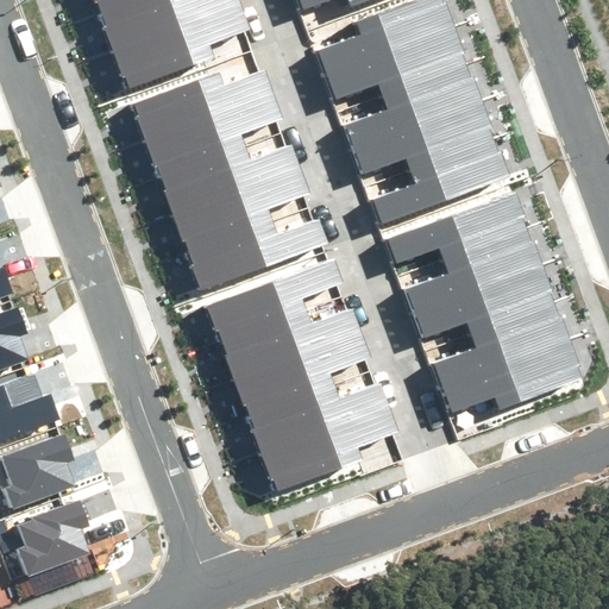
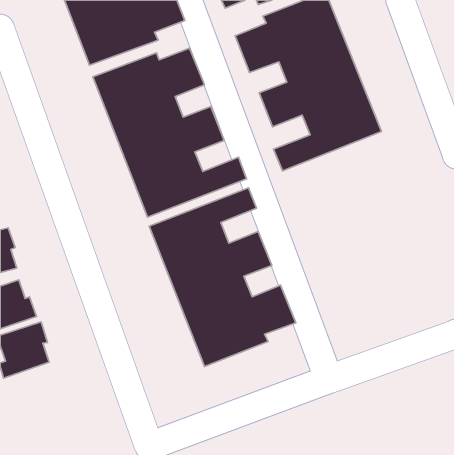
building: [381,188,585,414] -> none
building: [18,497,87,572] -> none

